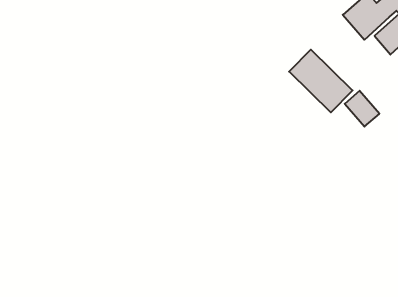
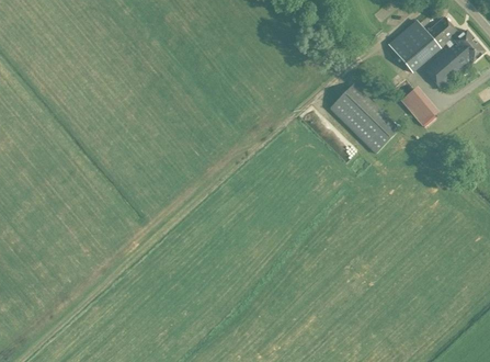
building: [345,91,379,127] -> [400,87,438,126]

